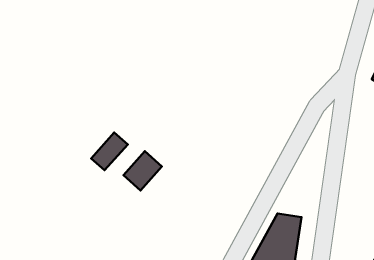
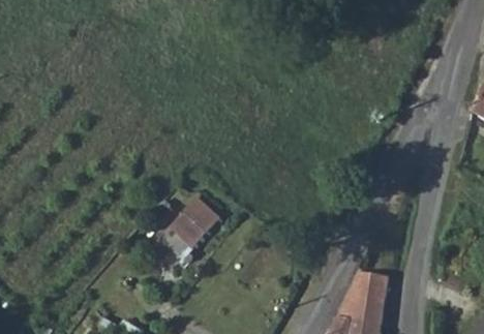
building: [91,132,128,170] -> none

